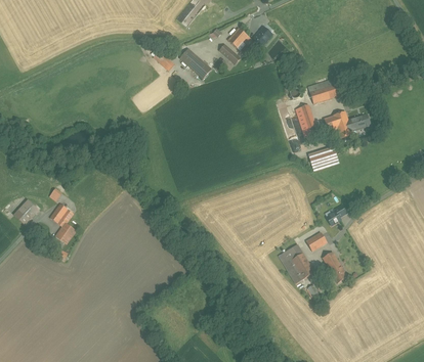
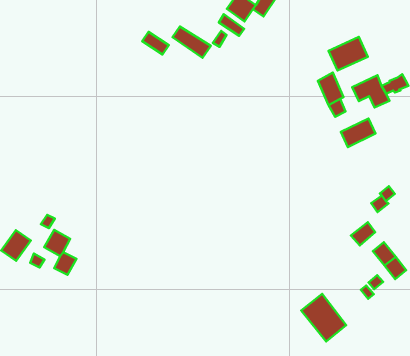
building: [278,243,313,283] -> [301,294,346,342]

